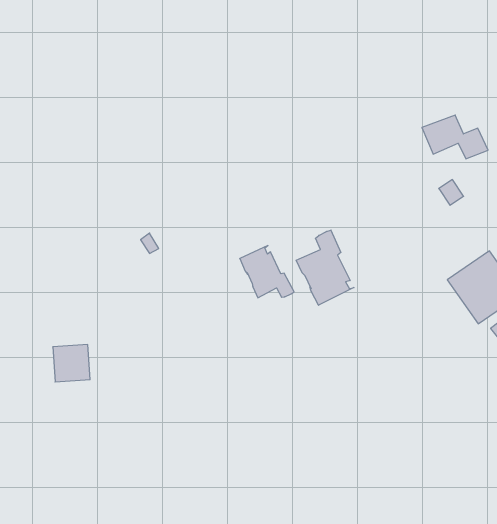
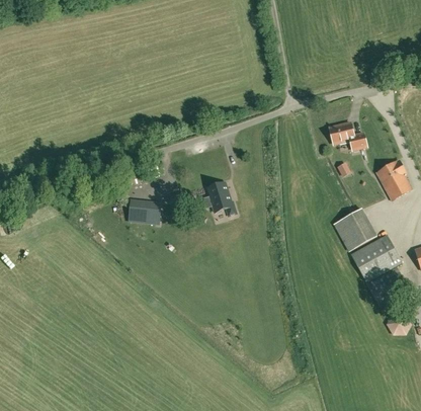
building: [296,230,354,305] -> none
building: [53,345,90,382] -> [129,198,152,222]

